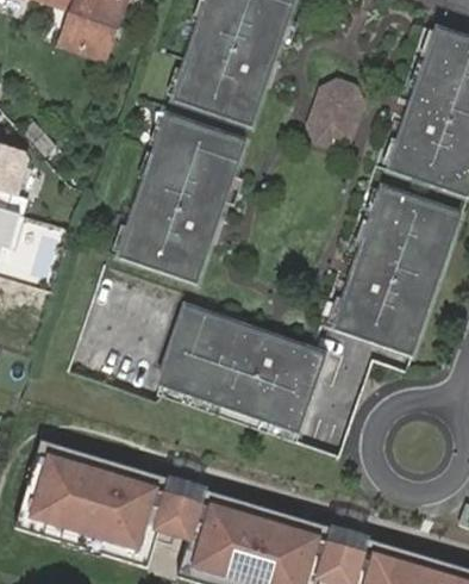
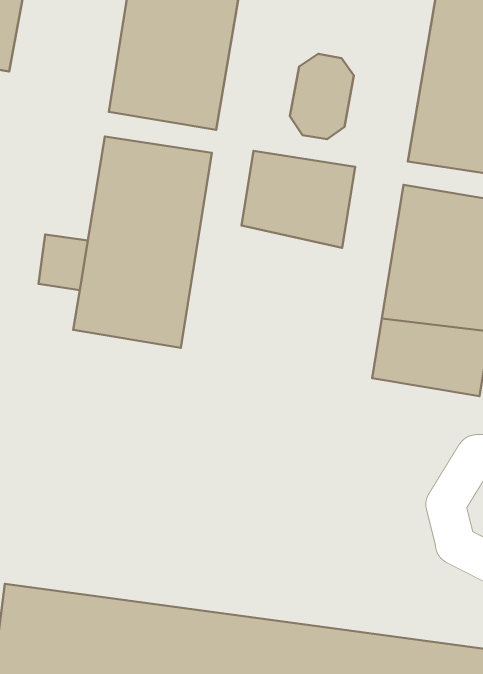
building: none -> [241,151,355,248]
building: [161,309,327,435] -> none

